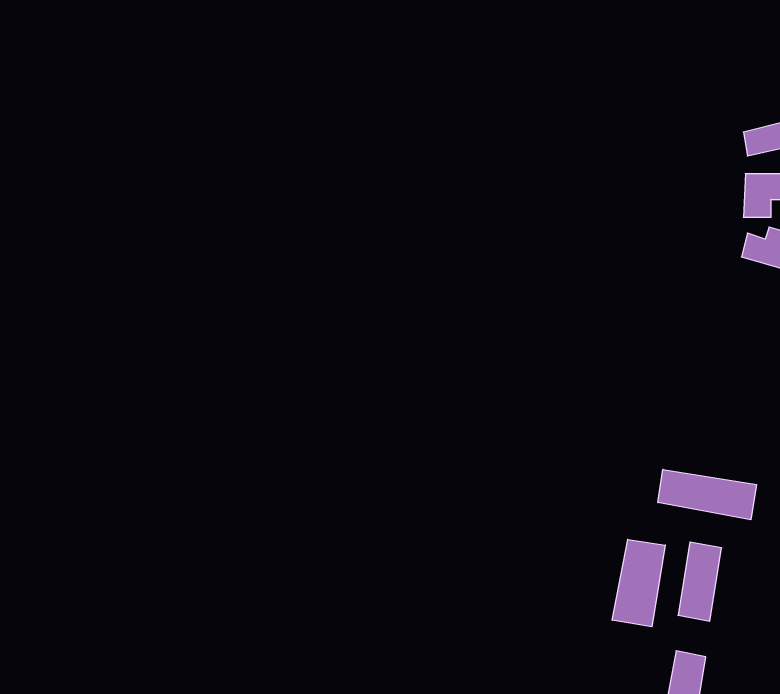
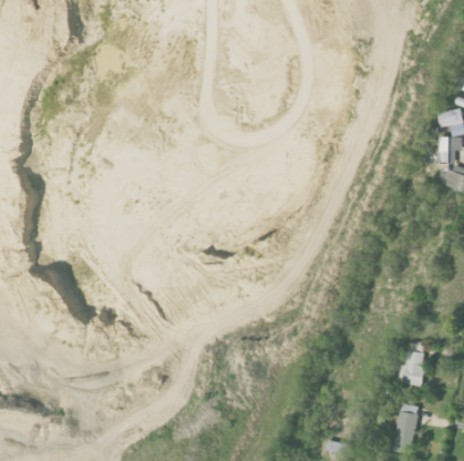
building: [658,469,756,520] -> none
building: [612,539,665,627] -> none

